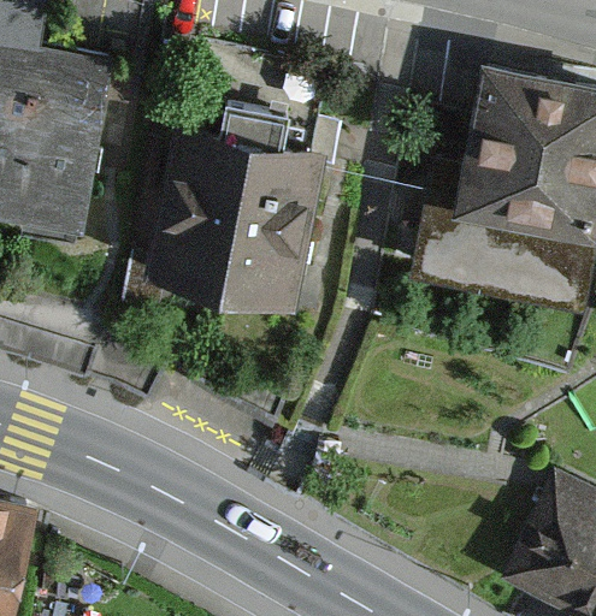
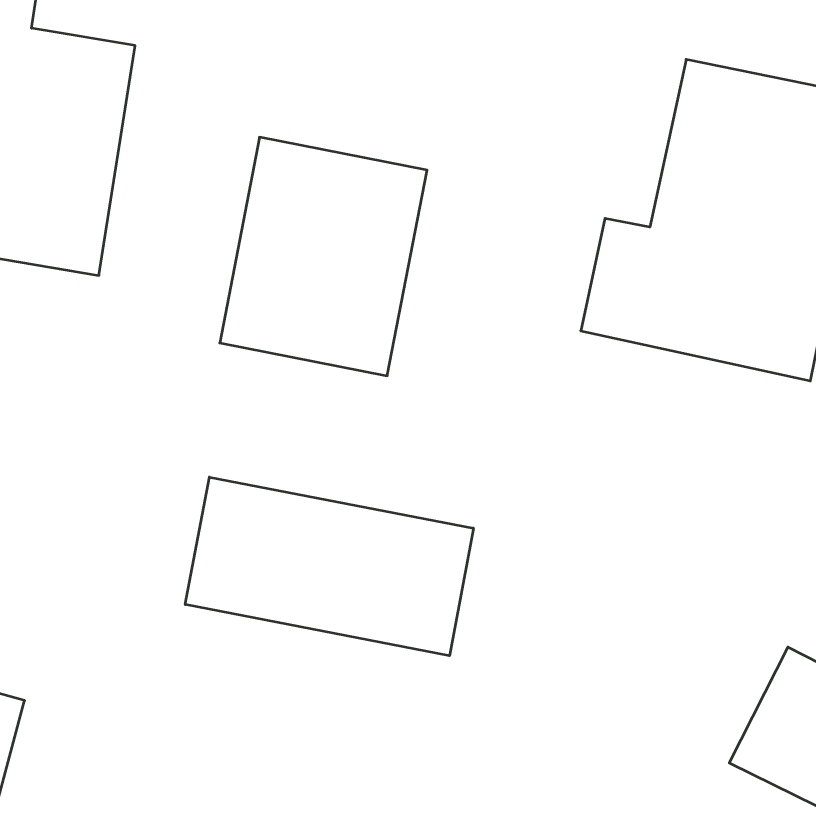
building: none -> [185,477,473,656]

